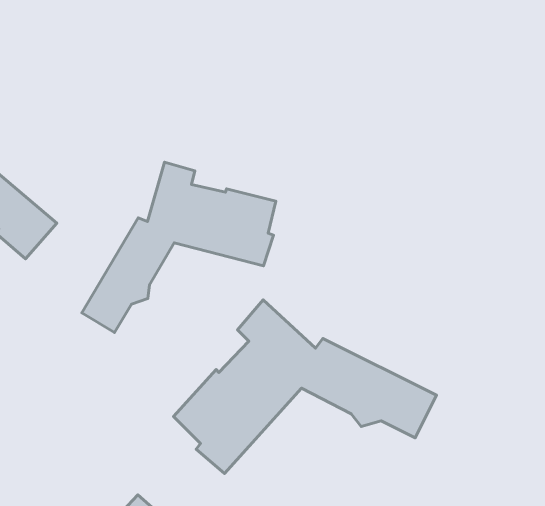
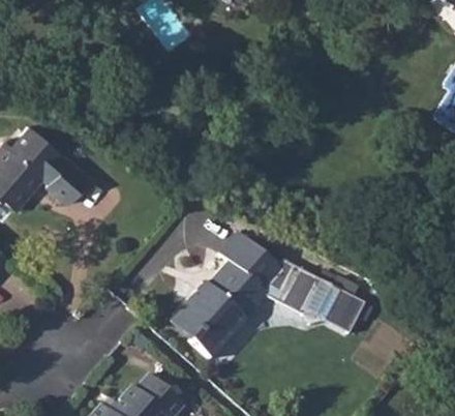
building: [82,162,276,332] -> none

